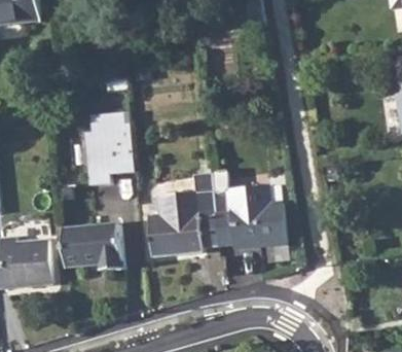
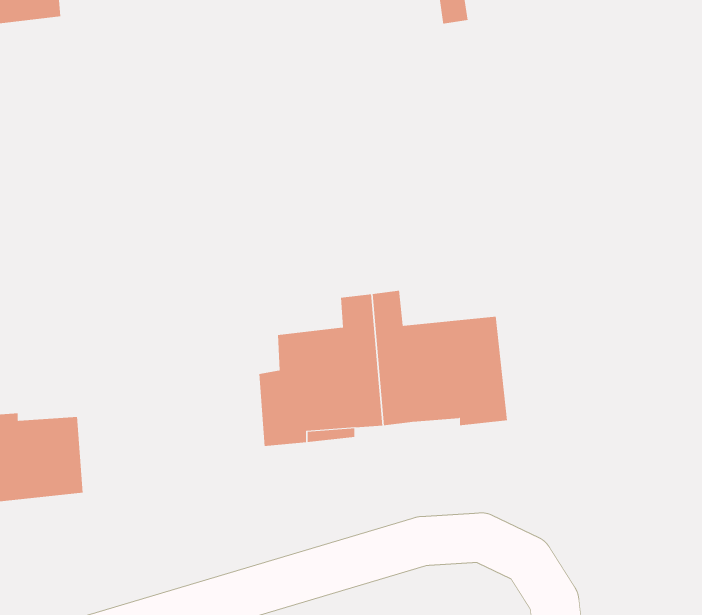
building: [89,109,137,182] -> none
building: [62,224,124,272] -> none

